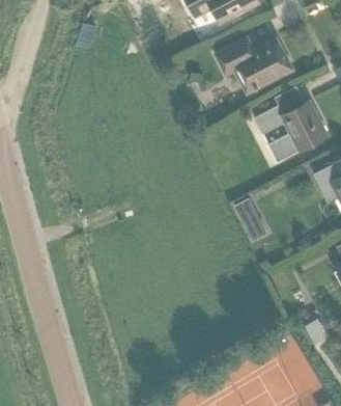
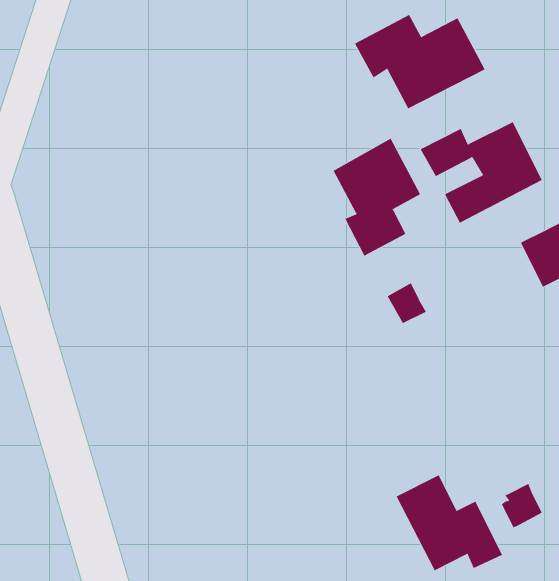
building: none -> [333,138,421,257]
building: none -> [396,475,503,571]

